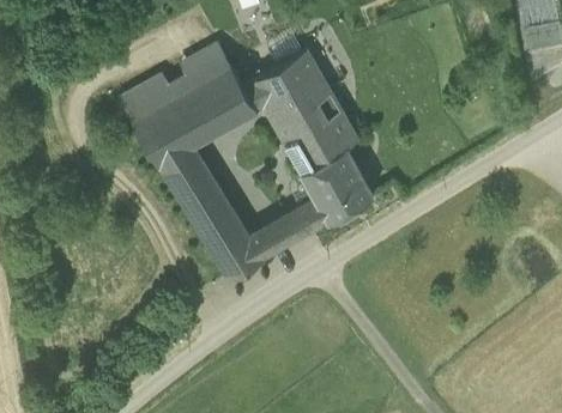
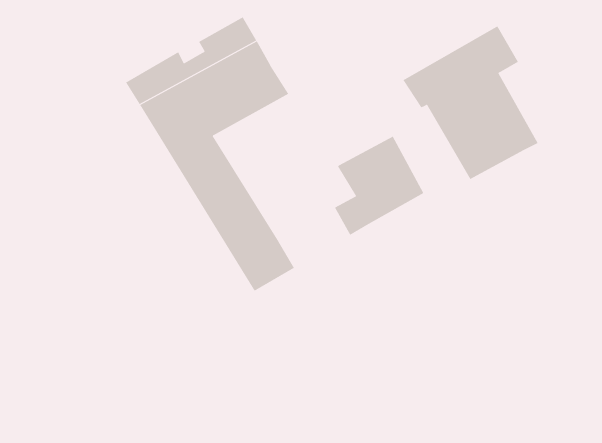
building: [242,41,358,172] -> [402,25,539,180]
building: [248,208,309,260] -> none

